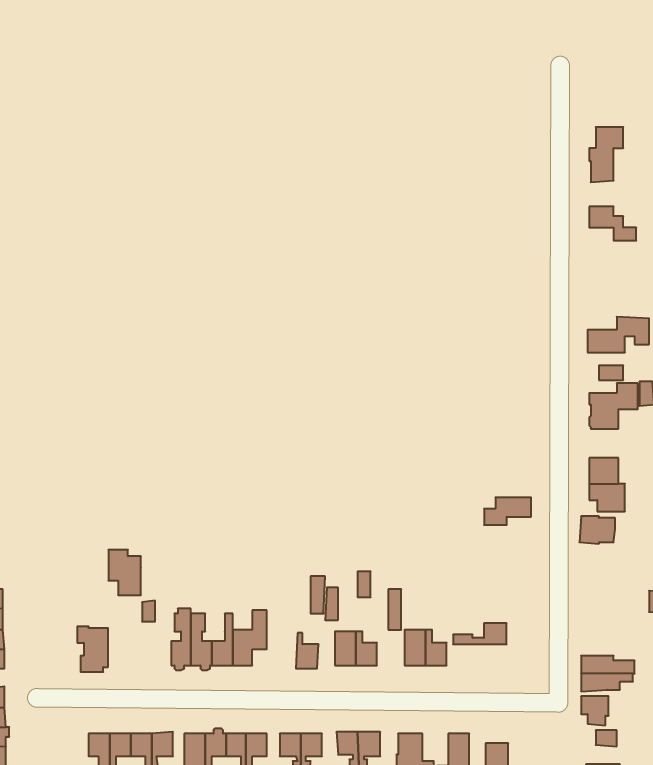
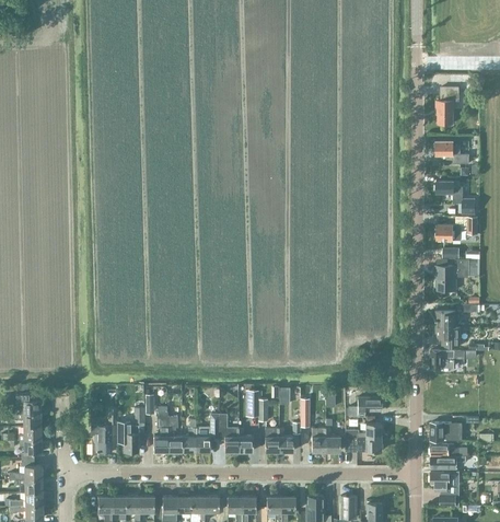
building: none -> [437,181,475,213]
building: [484,497,531,525] -> [349,397,381,416]
building: [108,550,141,595] -> [117,421,139,452]
building: none -> [219,414,240,453]
building: none -> [431,422,461,440]
building: none -> [345,437,381,452]

